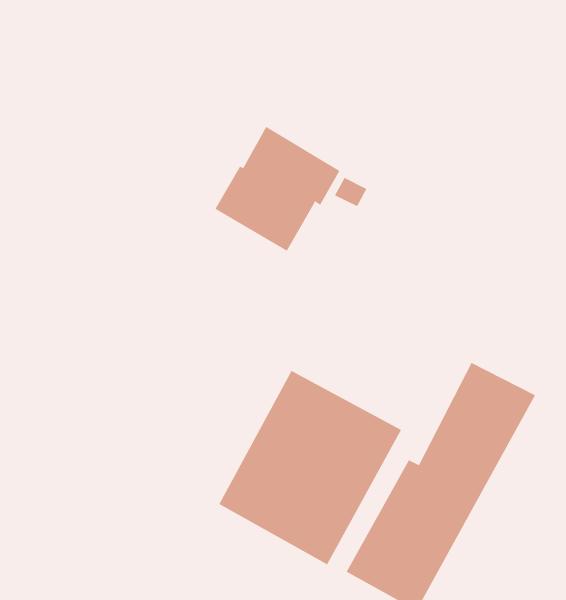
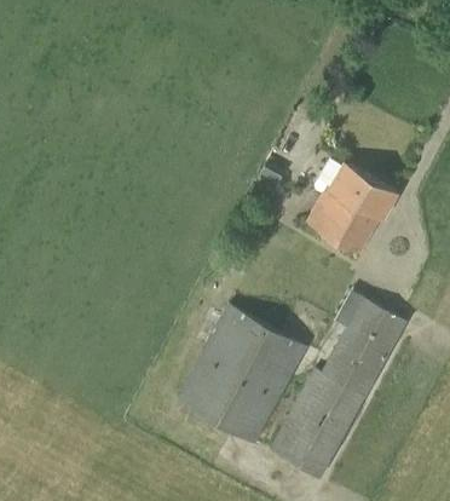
building: [215,126,340,252] -> [305,161,397,253]

